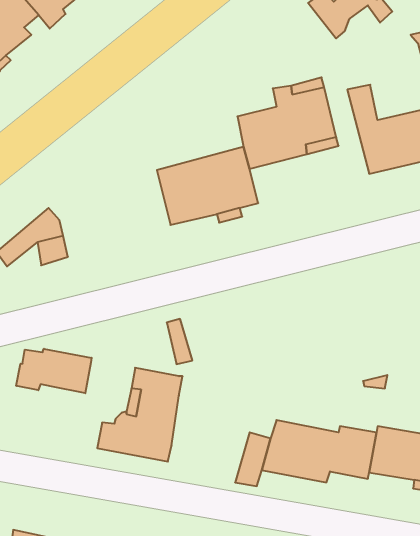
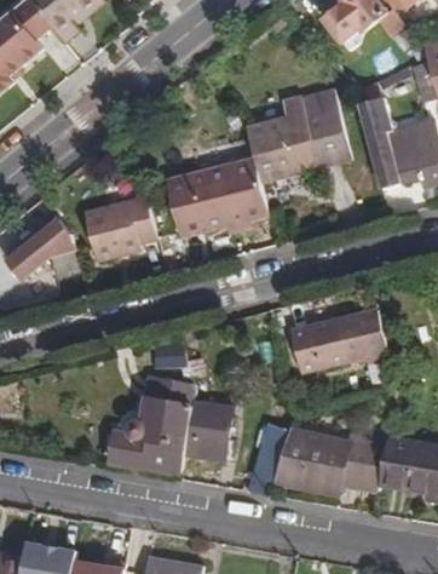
building: none -> [85,196,156,254]
building: none -> [292,311,388,378]
building: [16,349,92,393] -> none
building: none -> [183,406,229,463]

